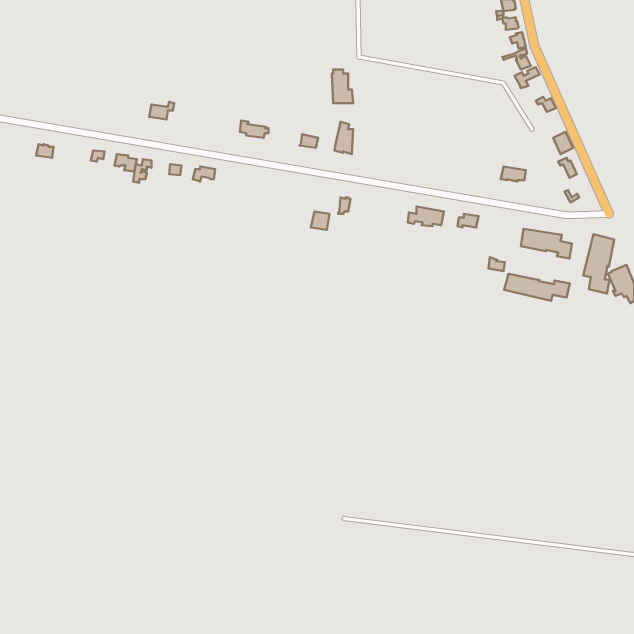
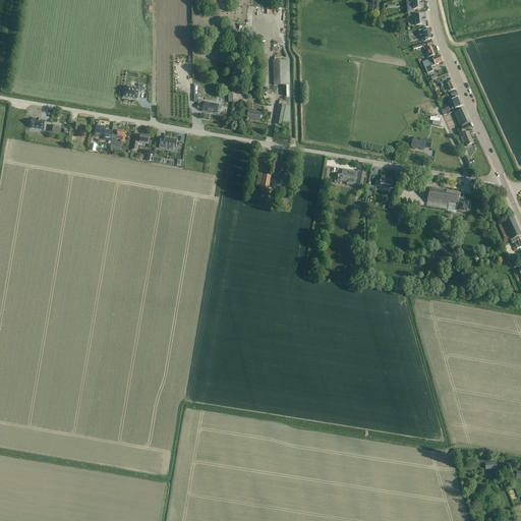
building: [583,234,614,293] -> none
building: [504,274,570,301] -> none

